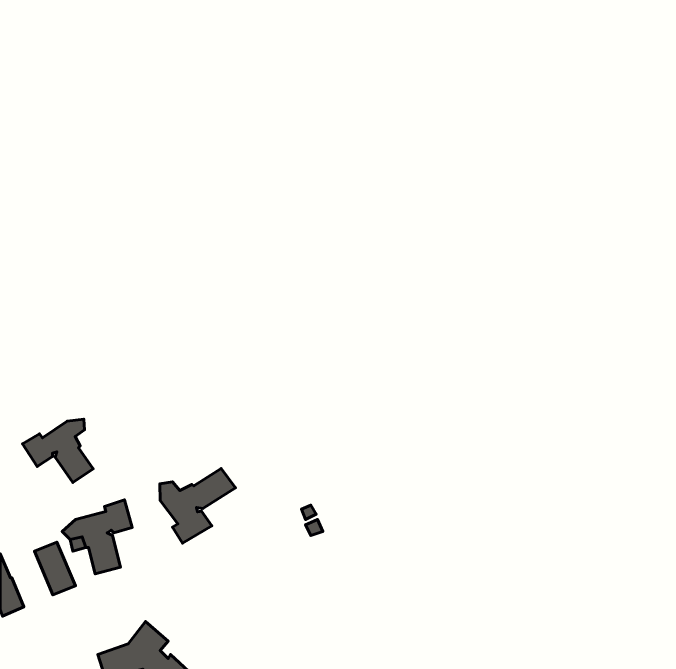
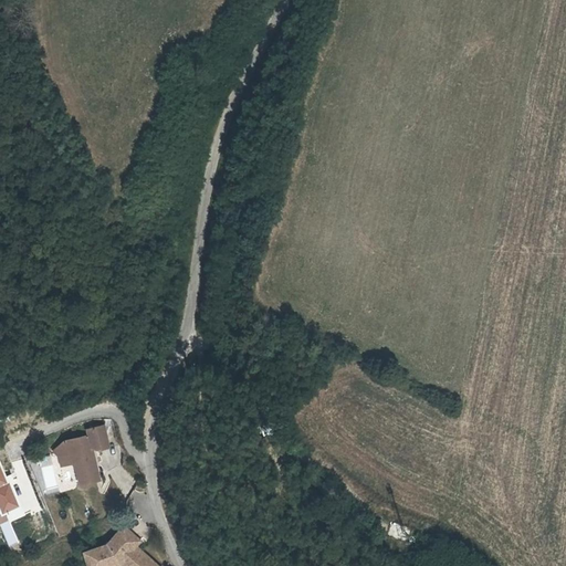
building: [23,419,93,483] -> none
building: [160,469,235,543] -> none

